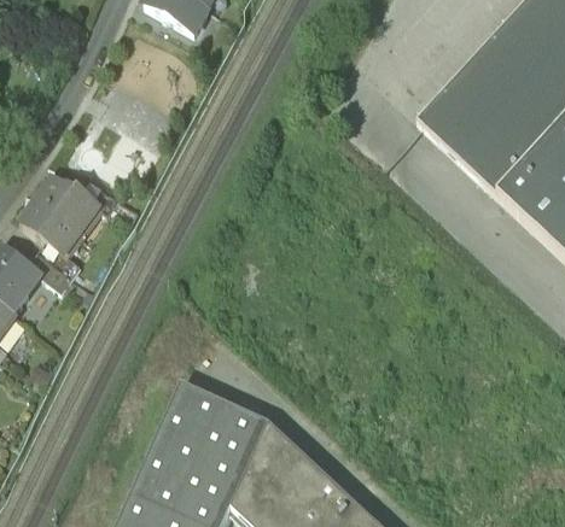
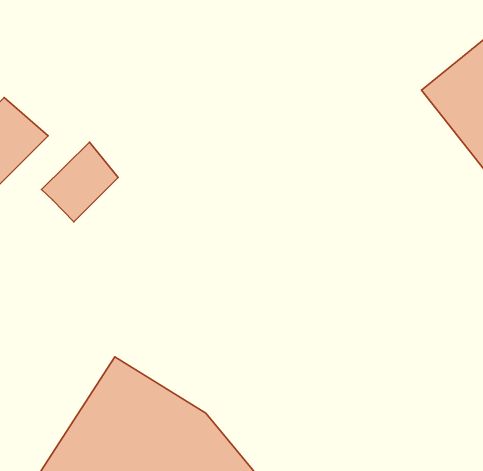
building: none -> [41,142,118,222]

